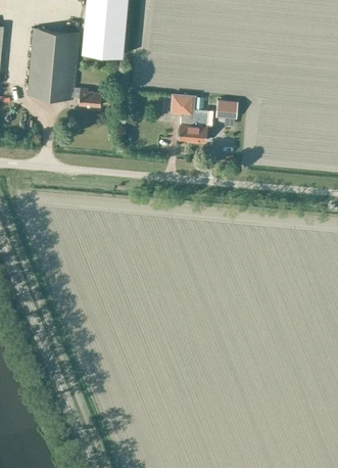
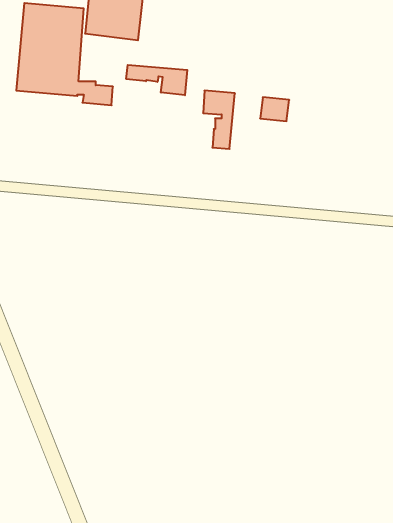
building: none -> [126,65,187,95]
building: [191,112,207,144] -> none

